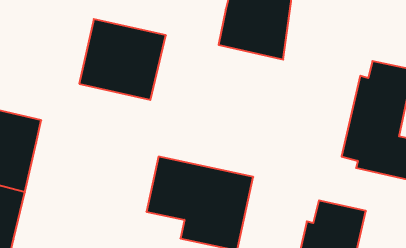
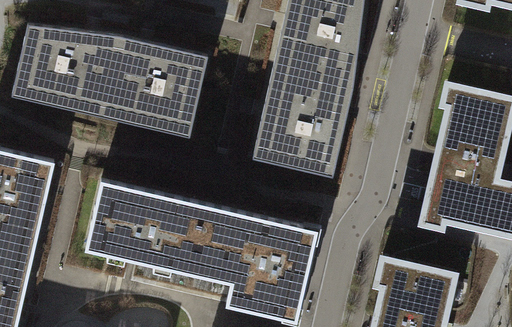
building: none -> [11,23,119,115]
building: none -> [253,67,353,175]
building: none -> [84,182,199,273]

